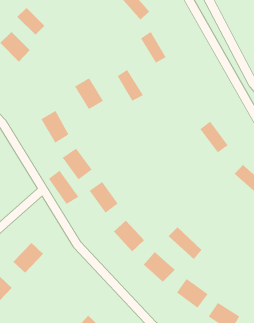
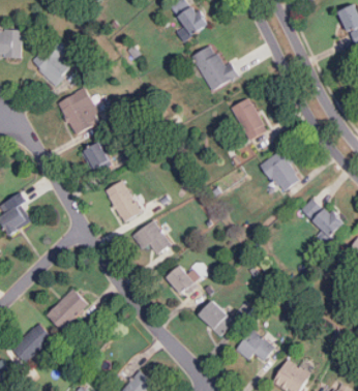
building: [17,7,45,36] -> none
building: [117,69,144,101] -> [233,98,264,136]
building: [74,78,104,110] -> [61,91,95,128]
building: [48,170,79,205] -> none
building: [168,227,202,260] -> none

